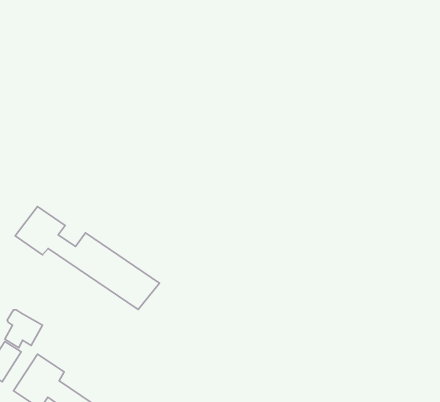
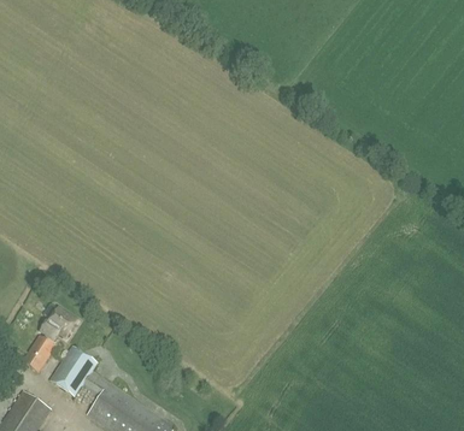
building: [15,207,160,310] -> none

